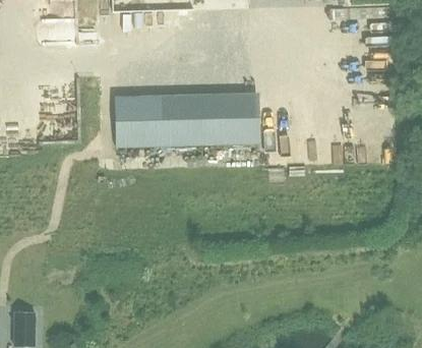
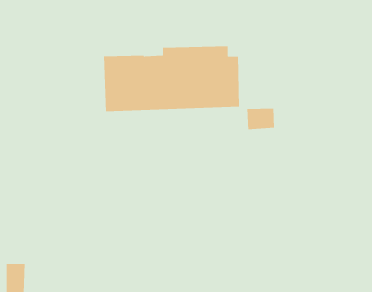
building: none -> [247,108,275,130]

